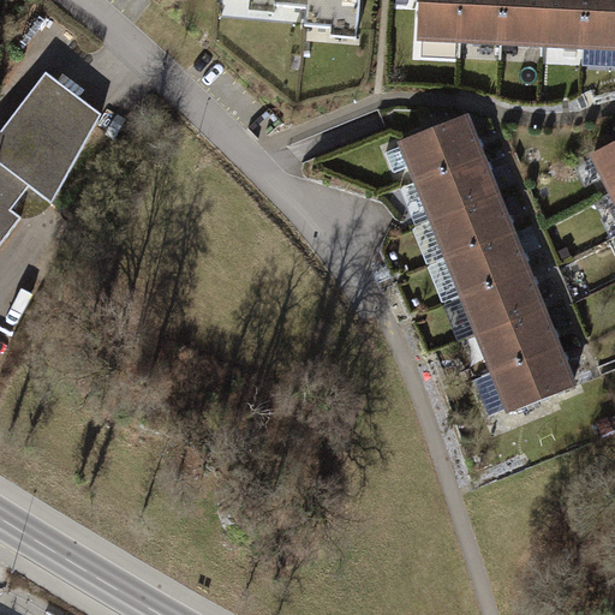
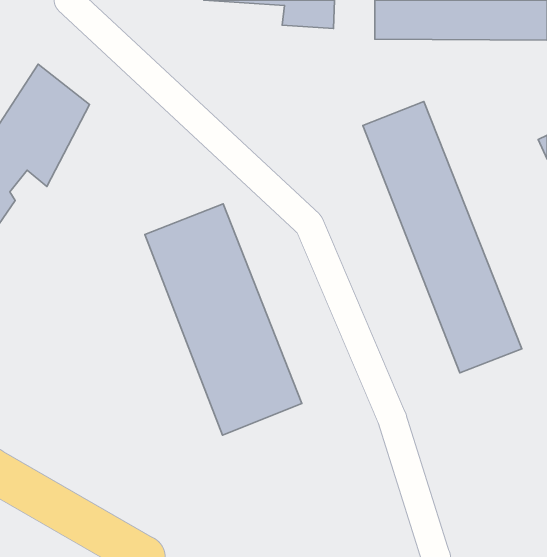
building: none -> [145,204,302,435]

